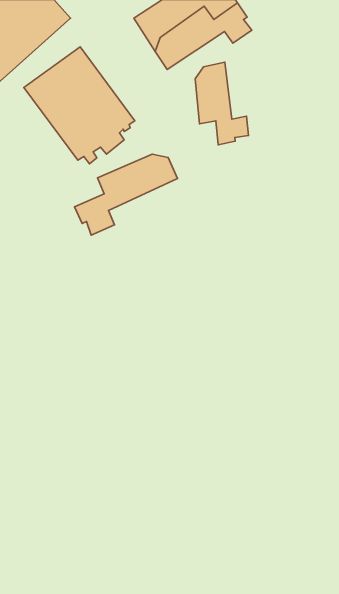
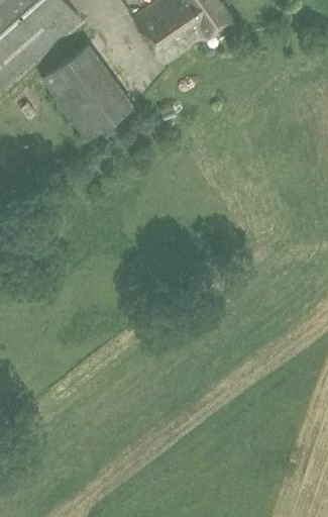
building: [195,62,249,145] -> none
building: [75,154,177,235] -> none

